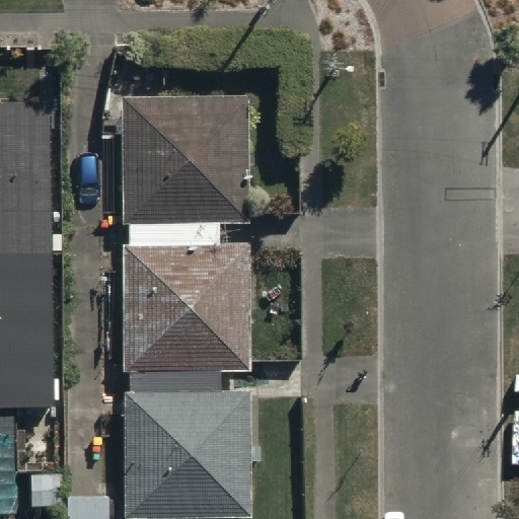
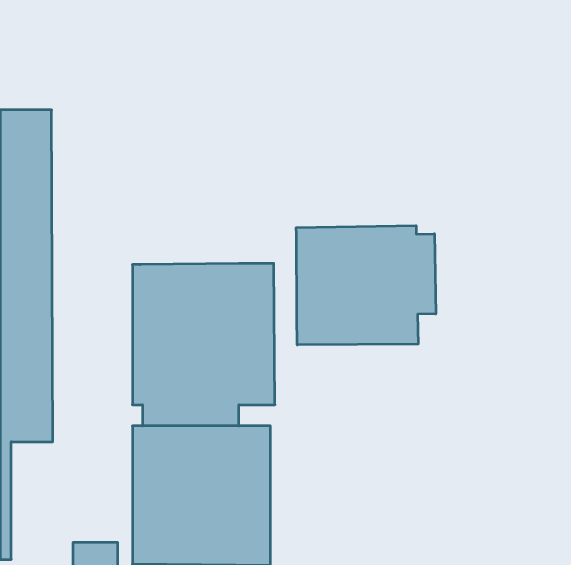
building: [122,98,246,246] -> none
building: none -> [296,226,436,345]

